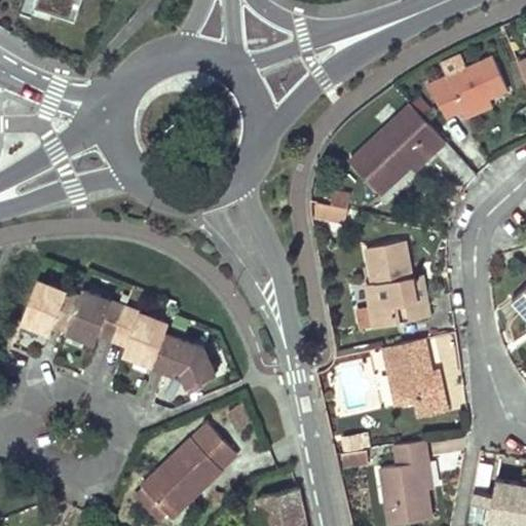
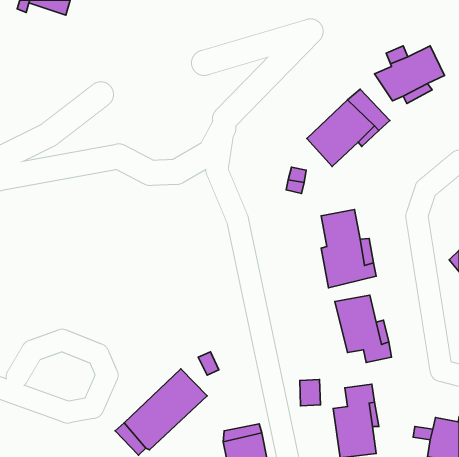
building: [21,281,216,388] -> none

